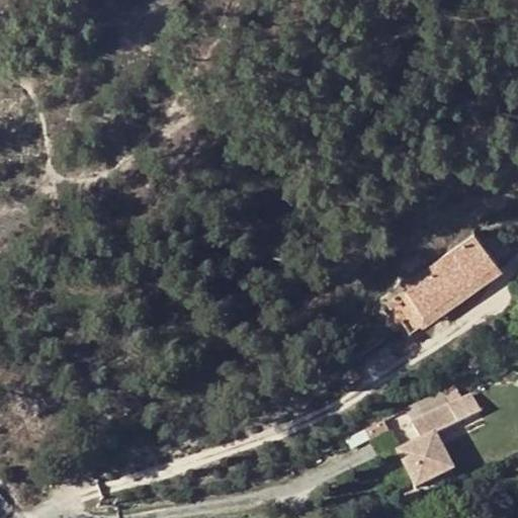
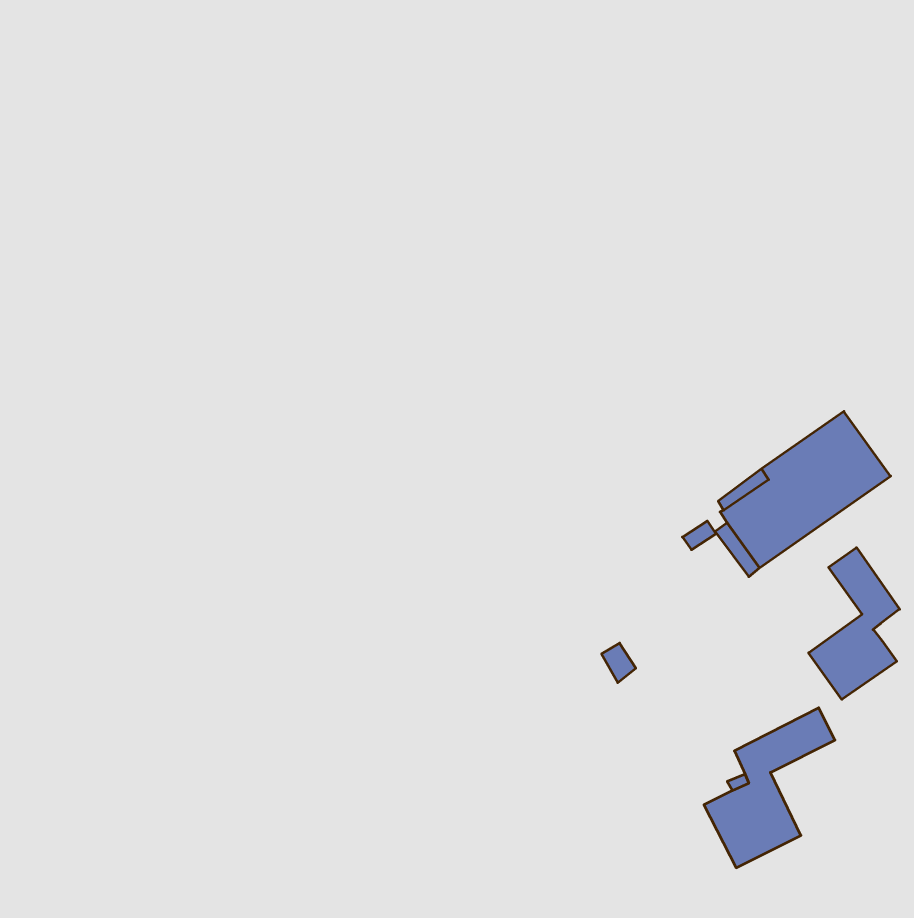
building: none -> [809,548,900,699]

